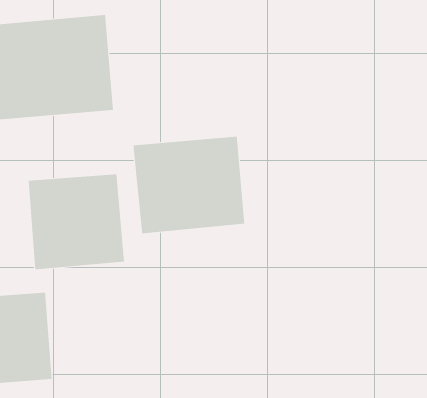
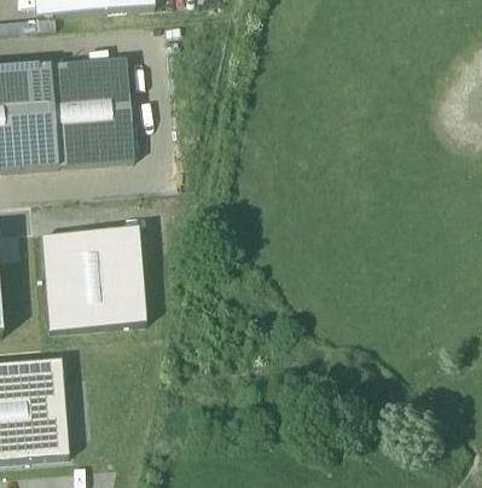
building: [133,136,245,234] -> none

